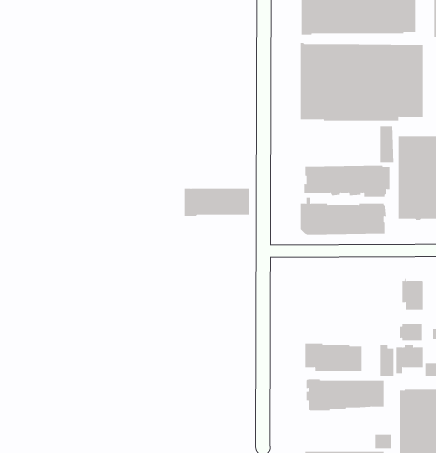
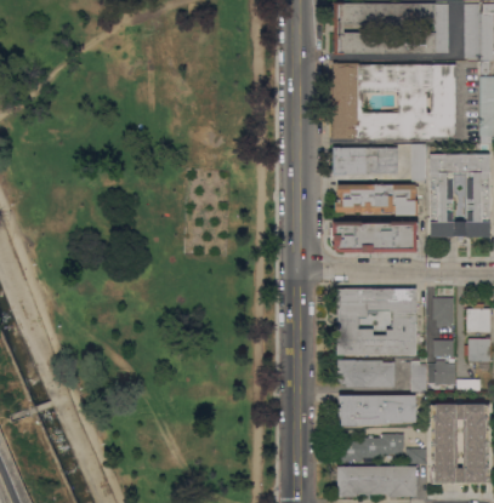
building: [184,188,250,216] -> [333,147,398,175]
building: none -> [336,287,416,354]
building: none -> [340,433,404,461]

